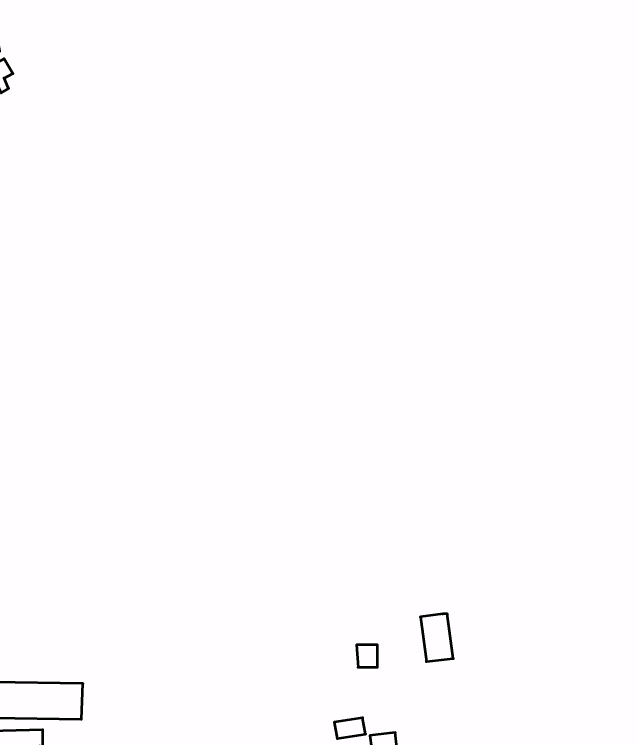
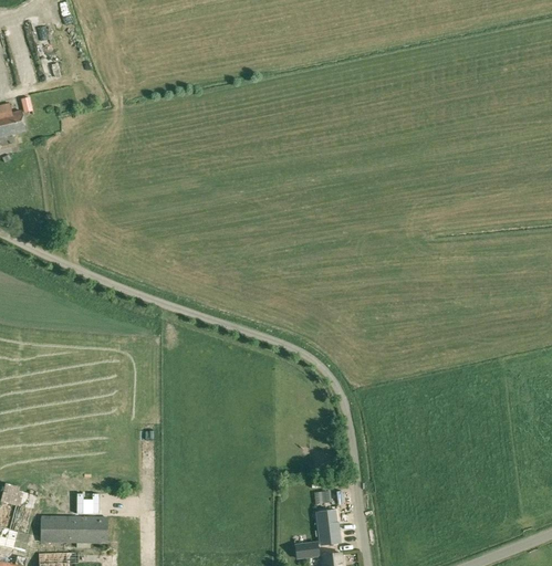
building: [420,614,453,662] -> [315,510,340,545]

